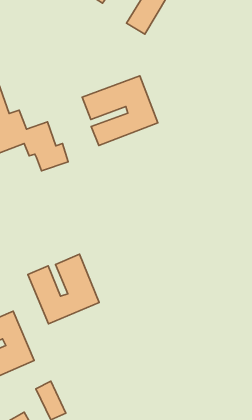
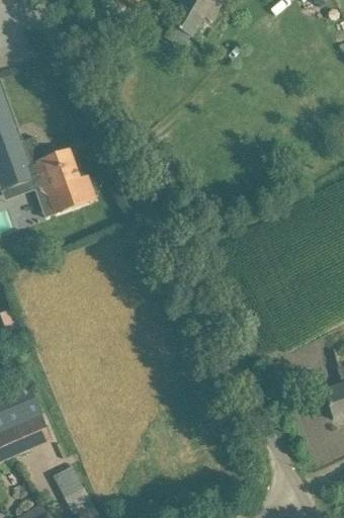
building: [82,76,158,145] -> none
building: [28,254,99,324] -> none

